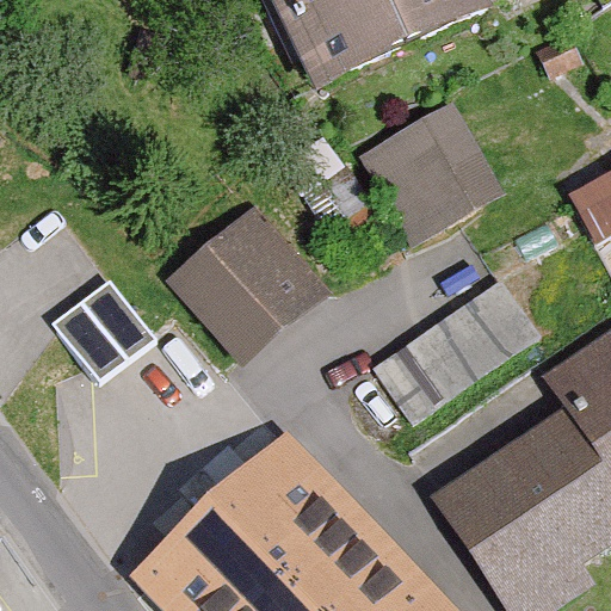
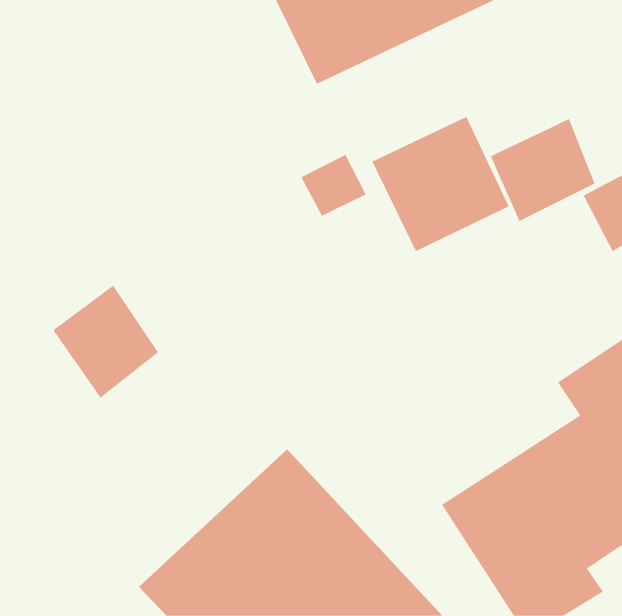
building: none -> [490,118,595,222]
building: [163,203,316,372] -> none
building: [377,274,539,418] -> none

